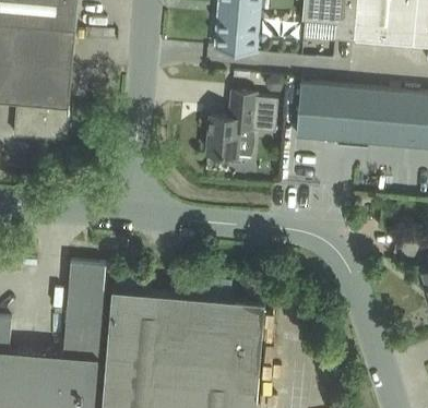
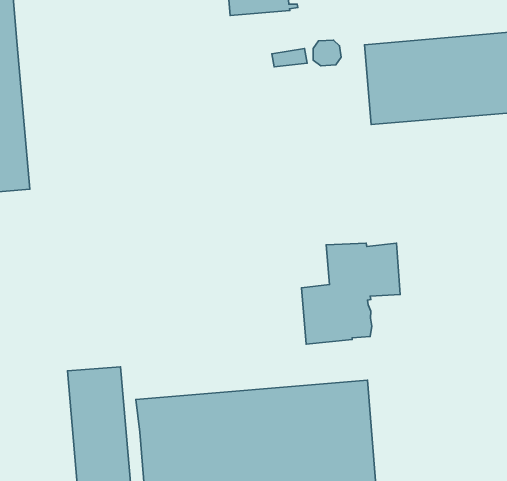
building: [206,93,276,157] -> [302,243,400,344]

